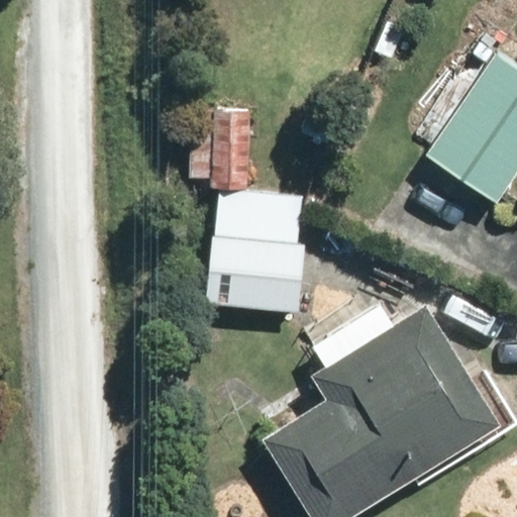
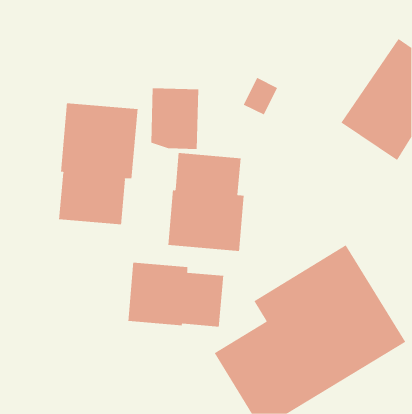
building: none -> [59,102,138,225]
building: none -> [128,262,224,328]

